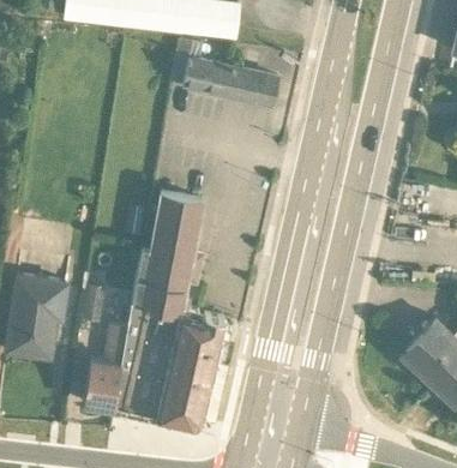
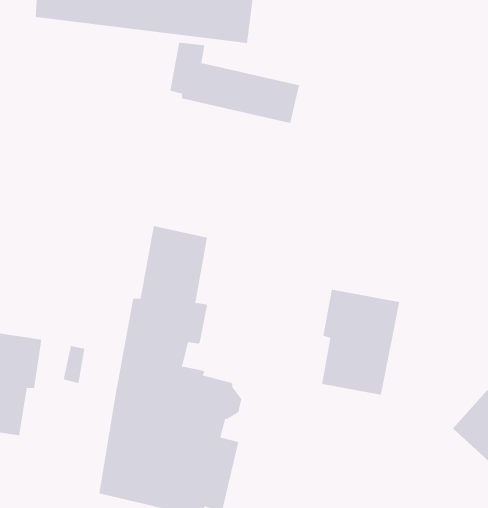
building: none -> [322,289,400,396]
building: [83,324,128,410] -> none

